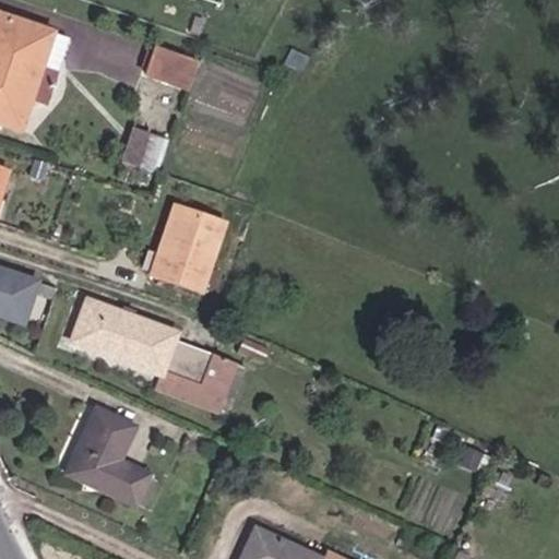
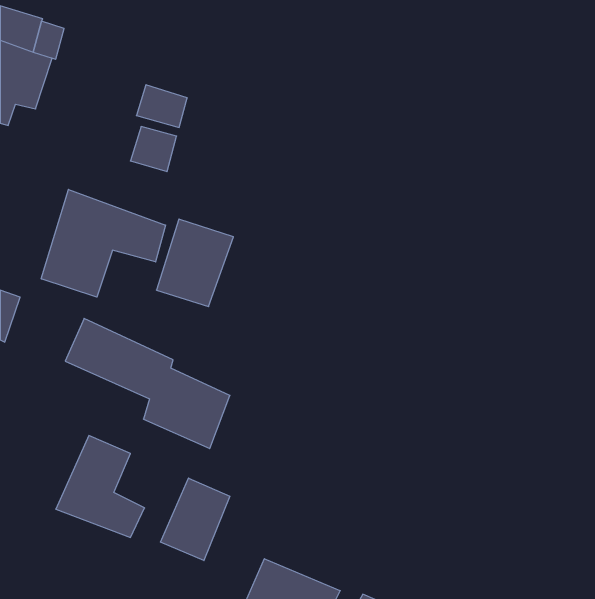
building: [150,38,197,78] -> [136,85,187,127]
building: none -> [41,189,166,297]
building: none -> [161,478,230,561]

